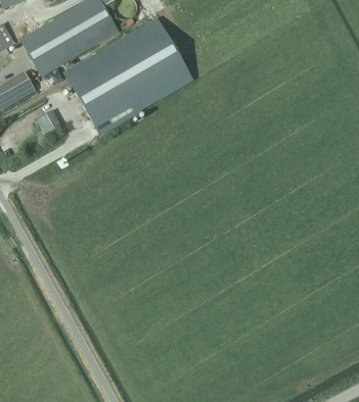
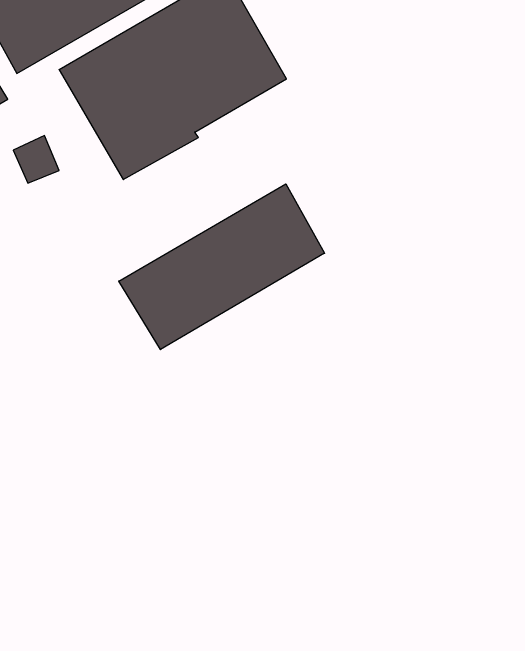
building: none -> [119,184,325,350]

